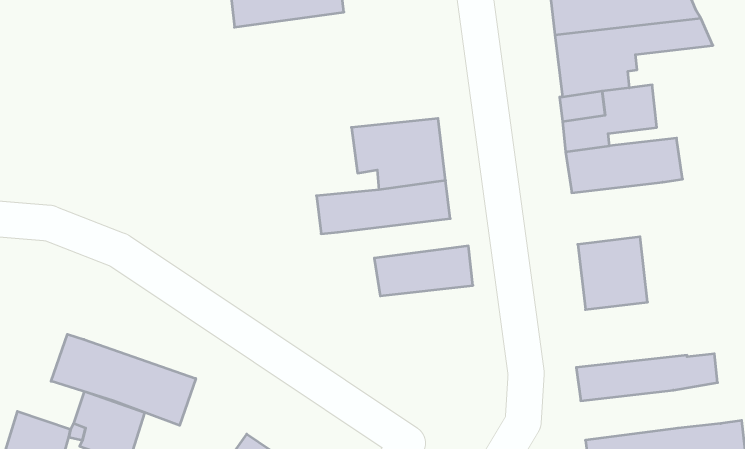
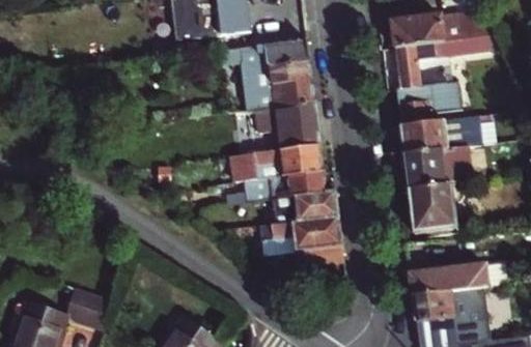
building: none -> [229,40,313,110]
building: none -> [404,146,471,189]
building: none -> [227,170,326,203]
building: none -> [259,216,342,264]
building: [51,334,196,425] -> none
building: none -> [411,288,477,322]

